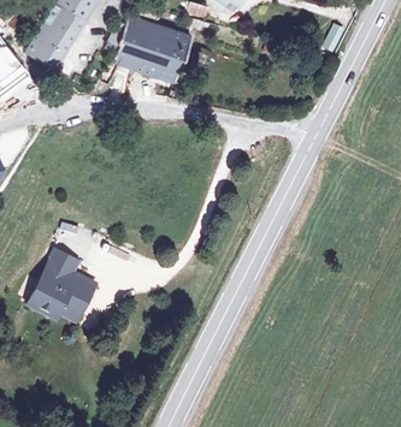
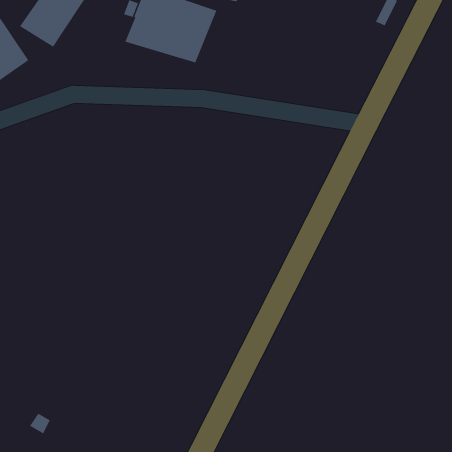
building: [30,251,98,322] -> none

